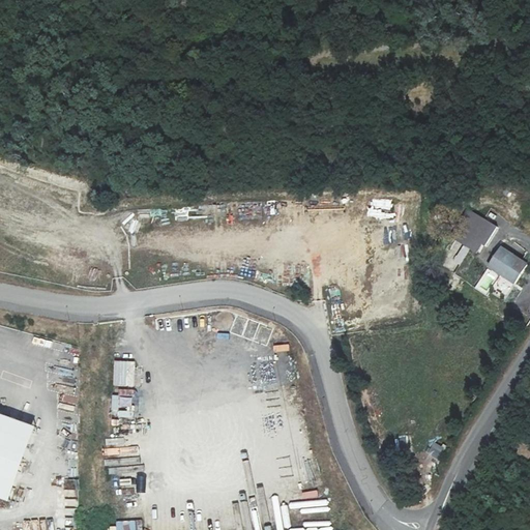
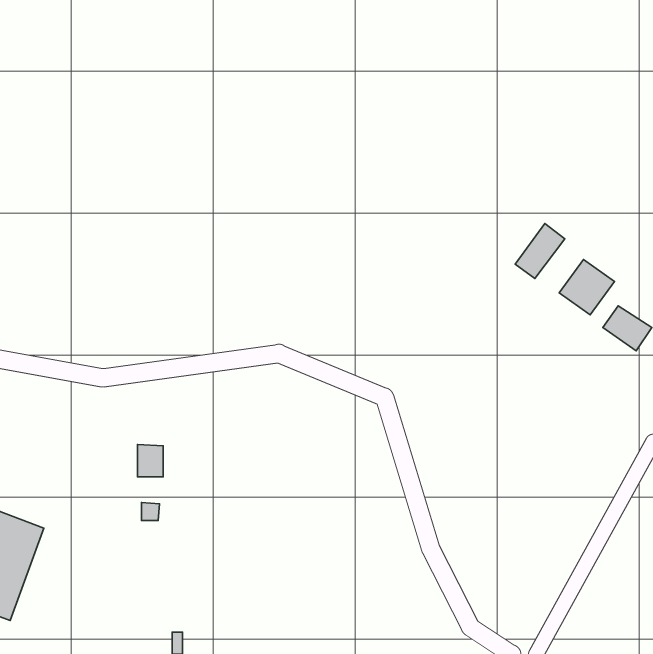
building: none -> [515,224,565,278]

